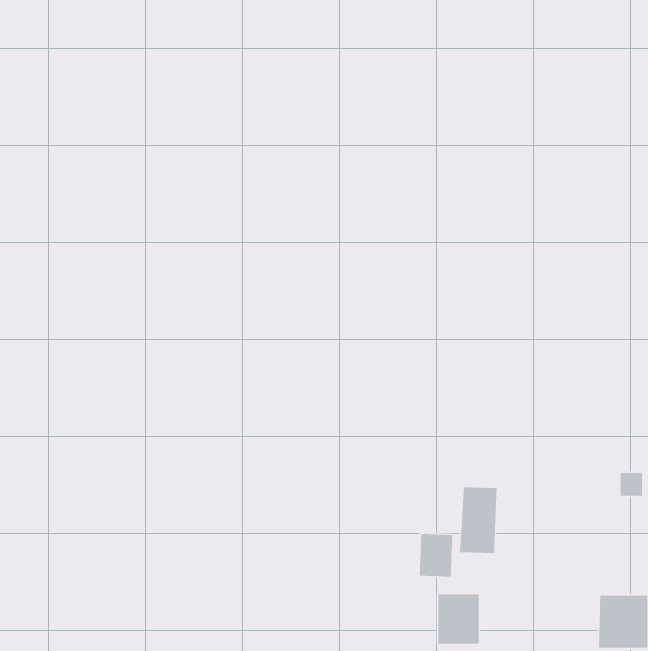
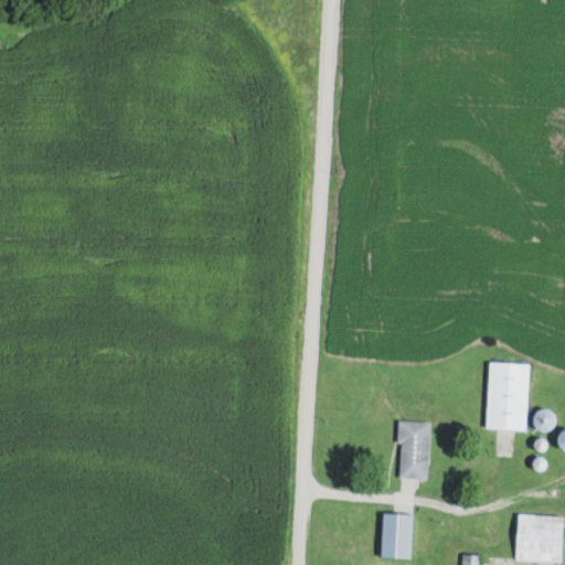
building: none -> [487,363,530,430]
building: [419,533,453,577] -> none

